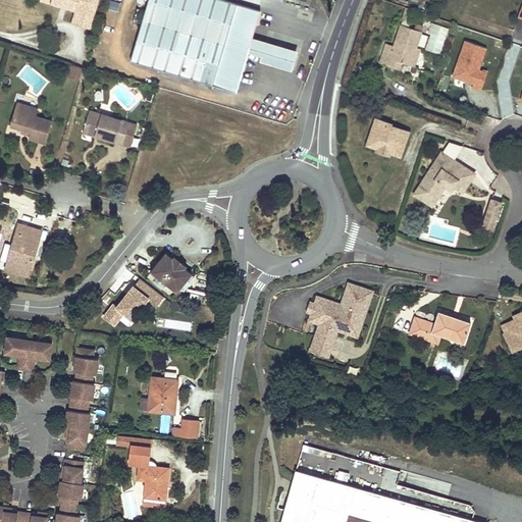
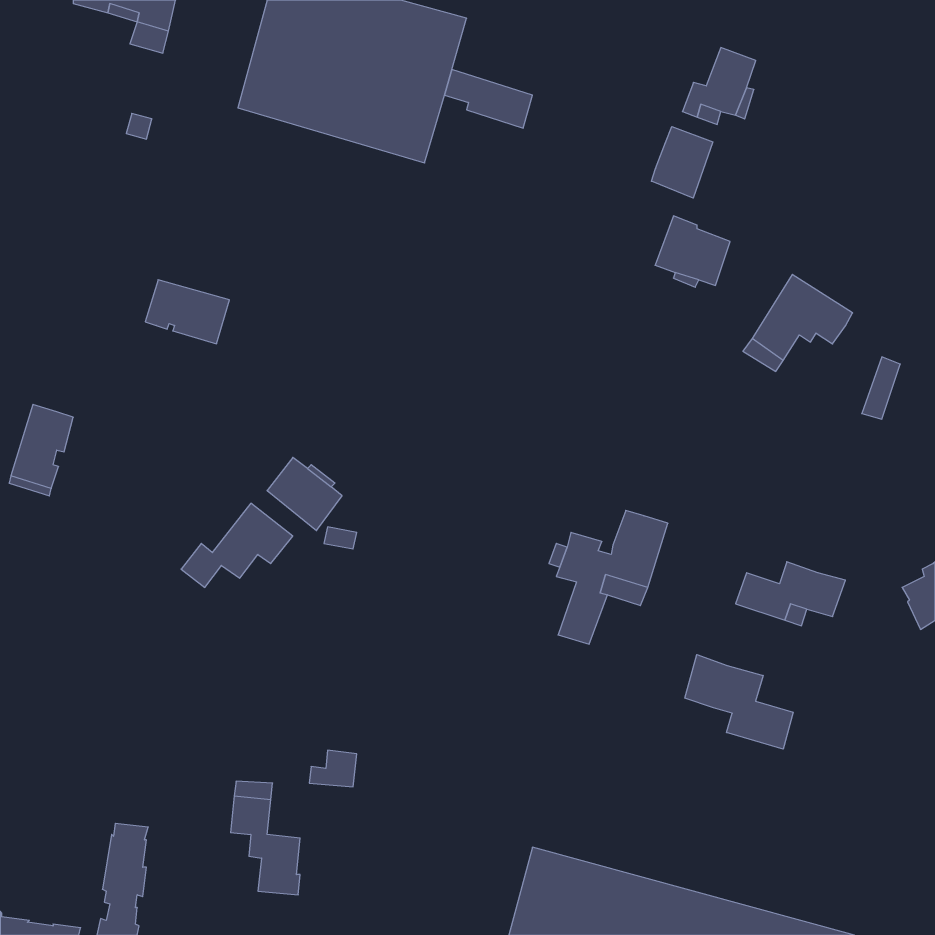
building: [424,23,448,55] -> none
building: [452,42,486,88] -> none
building: none -> [651,127,713,198]
building: [9,102,52,144] -> none
building: [83,110,129,146] -> [145,280,229,344]
building: [5,338,52,372] -> none
building: [65,349,97,452] -> none
building: none -> [685,655,793,749]
building: [140,377,177,412] -> none

